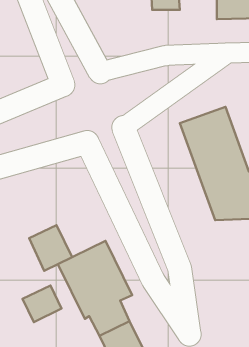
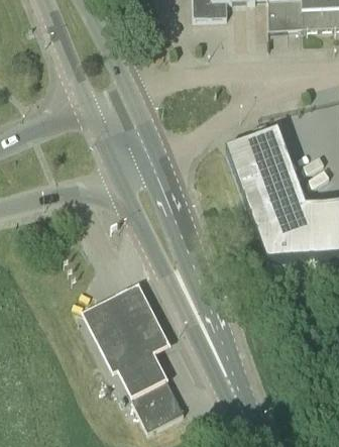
building: [29,225,72,271] -> none
building: [22,286,62,322] -> none

